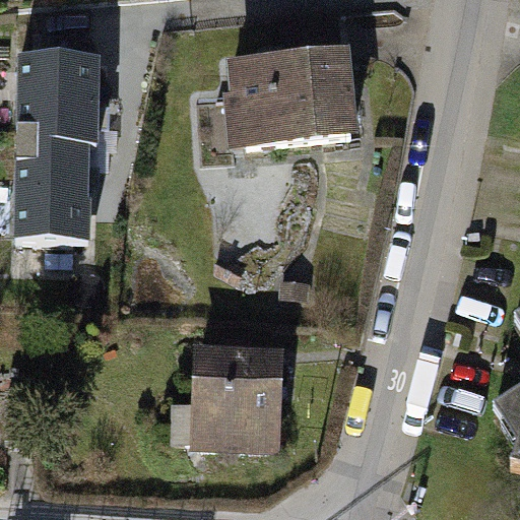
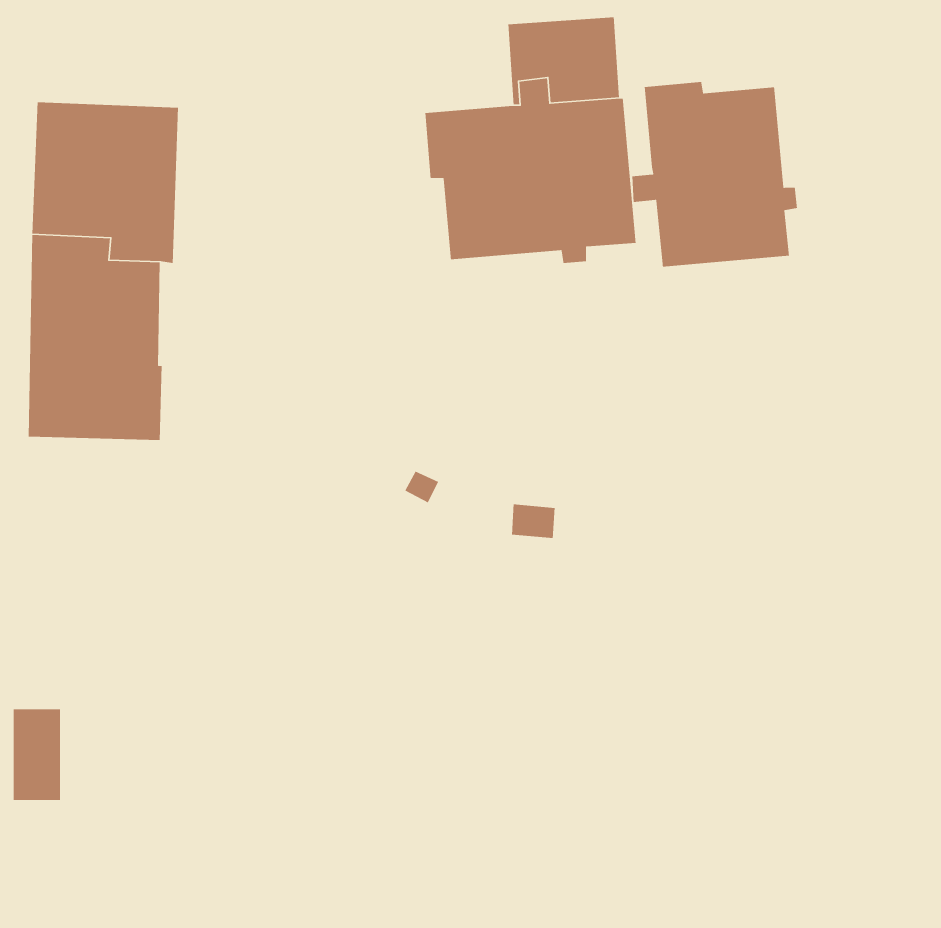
building: none -> [631,81,798,267]
building: [173,352,278,445] -> none

